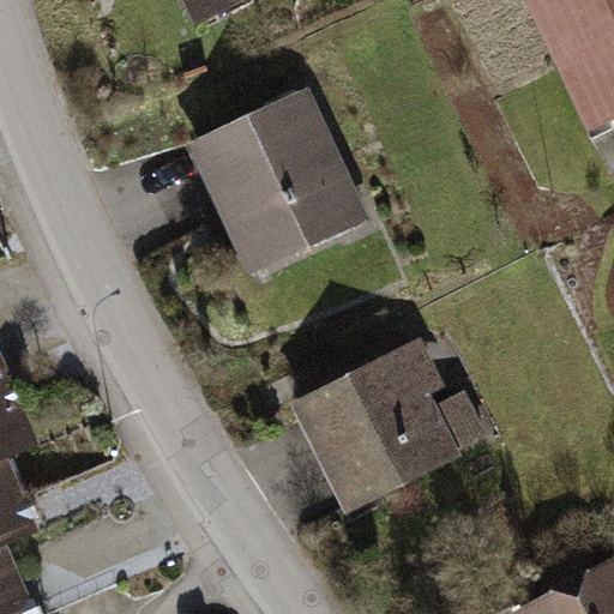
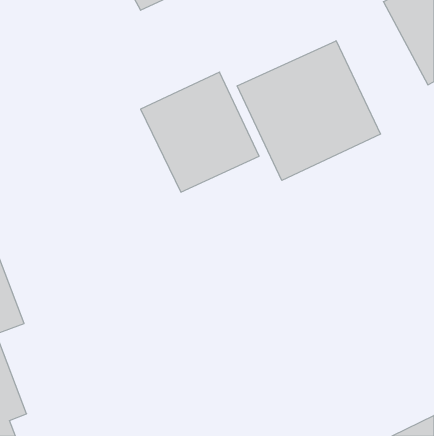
building: none -> [237,41,381,180]
building: [294,348,452,499] -> none

